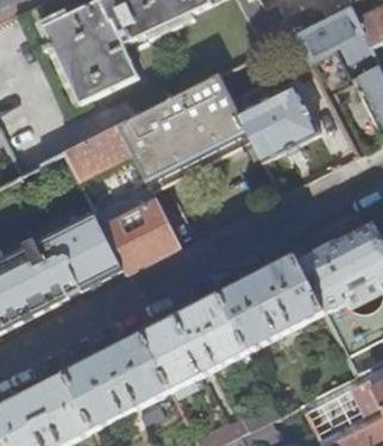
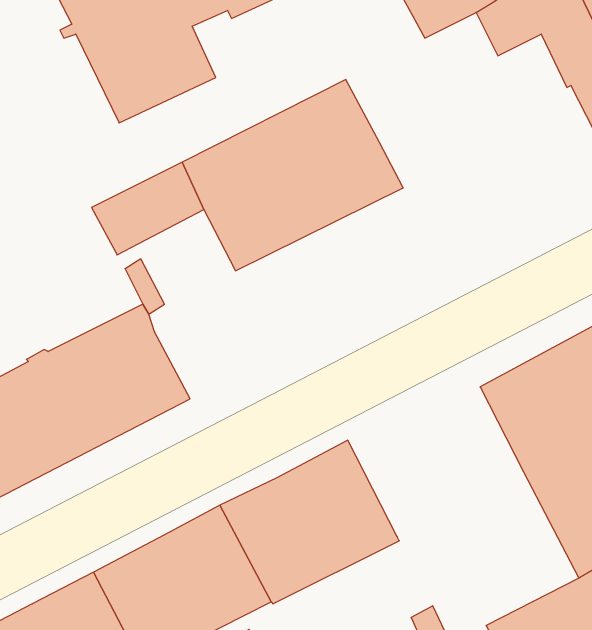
building: [238,82,320,161] -> none
building: [102,199,181,272] -> none
building: [219,252,325,350] -> none

